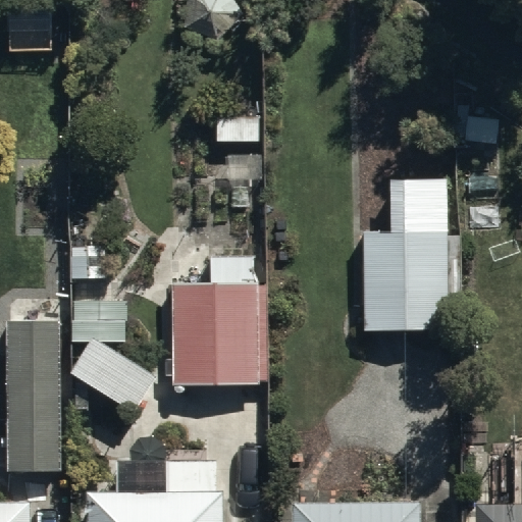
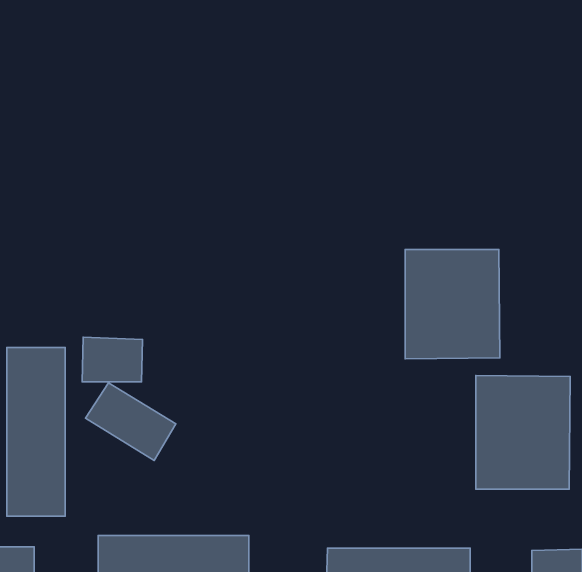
building: [172,256,261,386] -> none
building: none -> [476,375,570,489]

